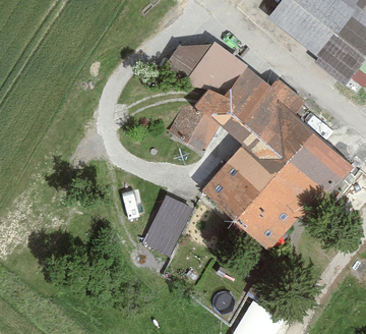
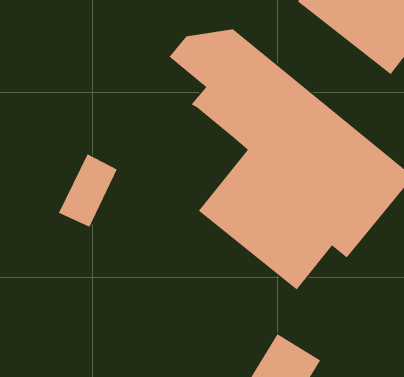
building: [175,106,215,150] -> none
building: [144,191,194,254] -> [58,153,118,228]

